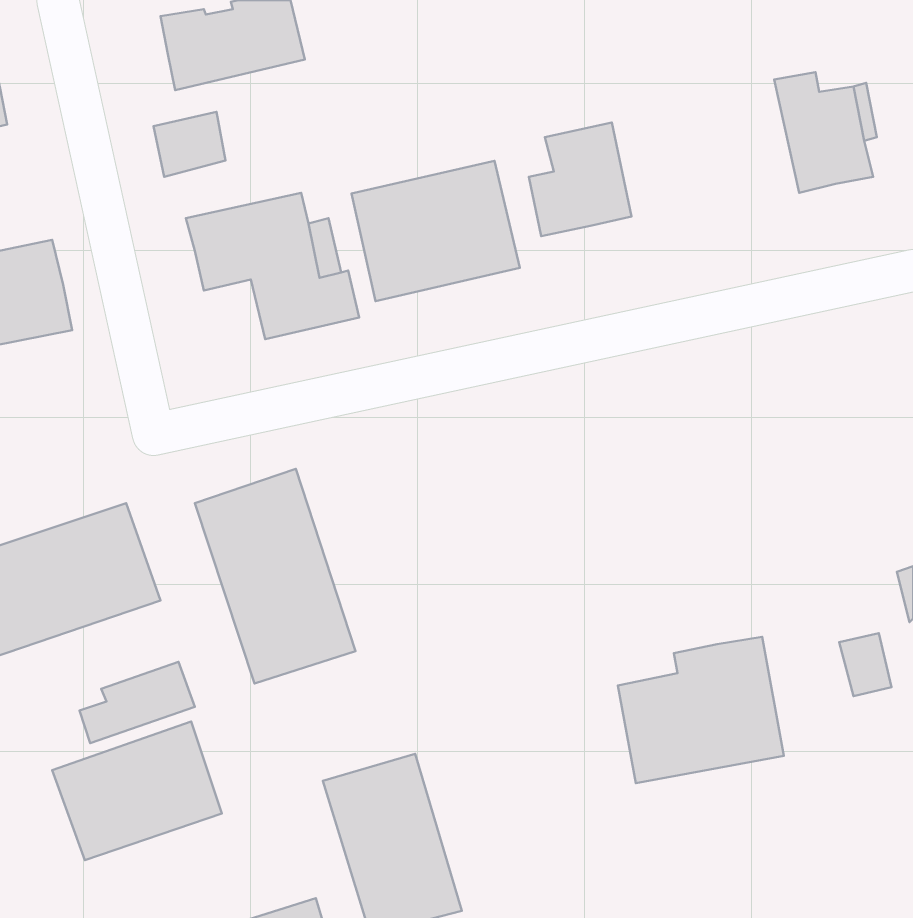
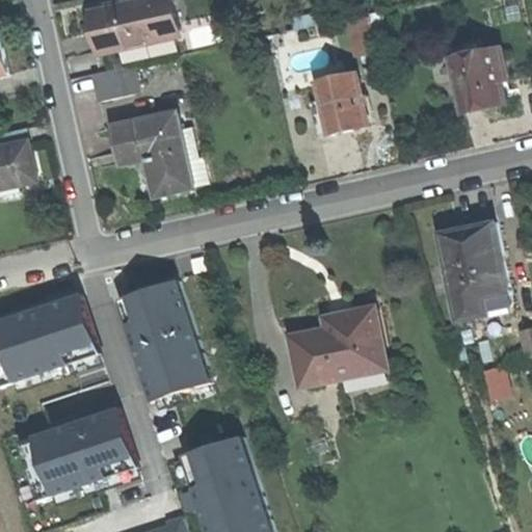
building: [352,161,520,301] -> none
building: none -> [440,222,511,320]
building: [618,637,784,783] -> [290,302,385,387]

